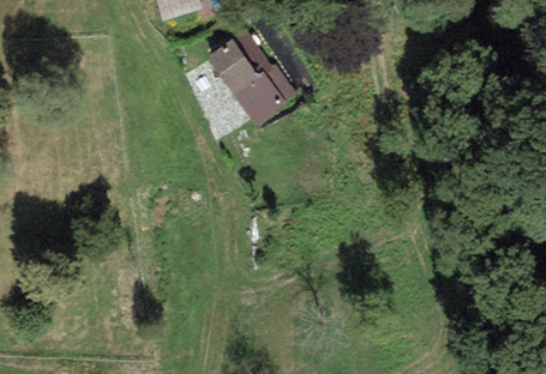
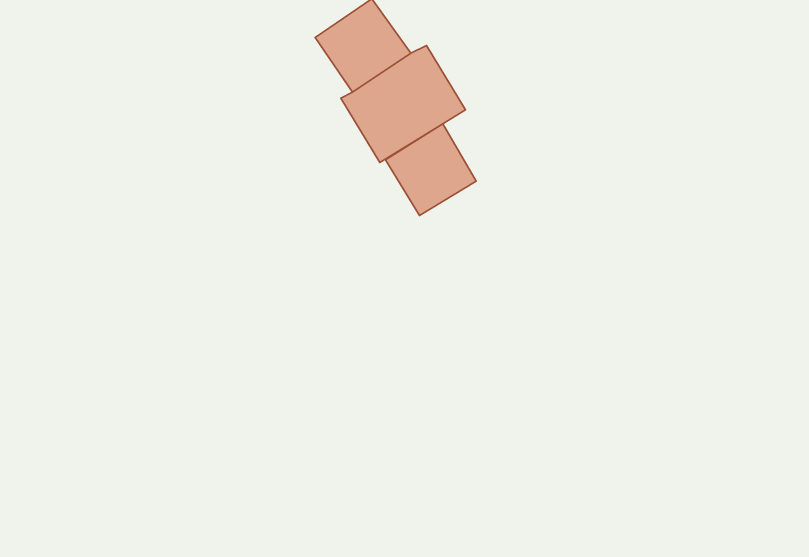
building: none -> [385,124,476,215]

